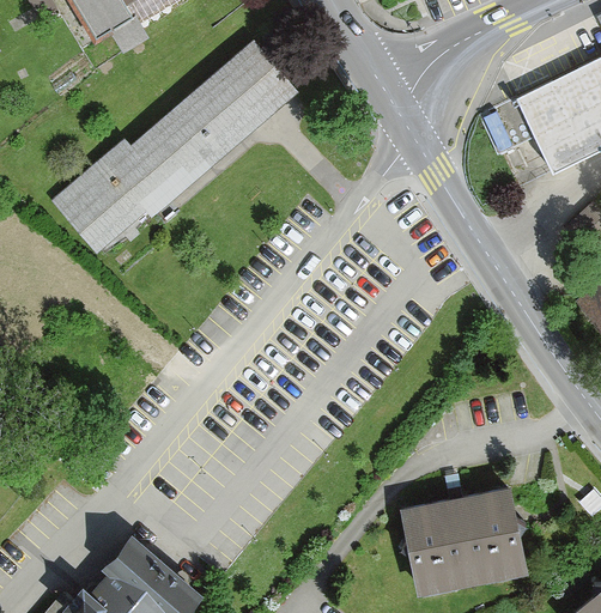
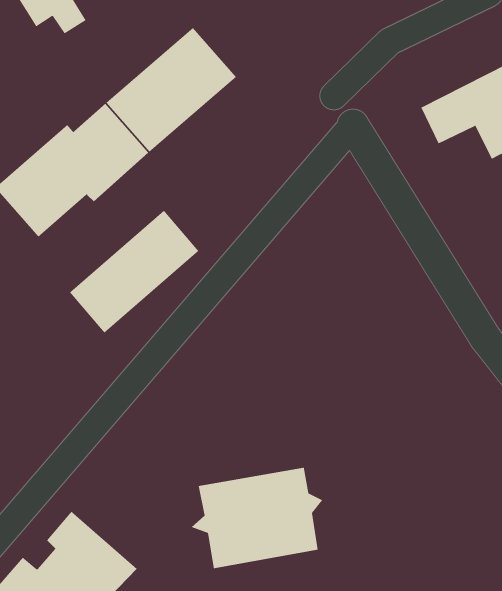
building: none -> [69,210,199,334]
building: [394,486,528,589] -> [191,467,323,569]

